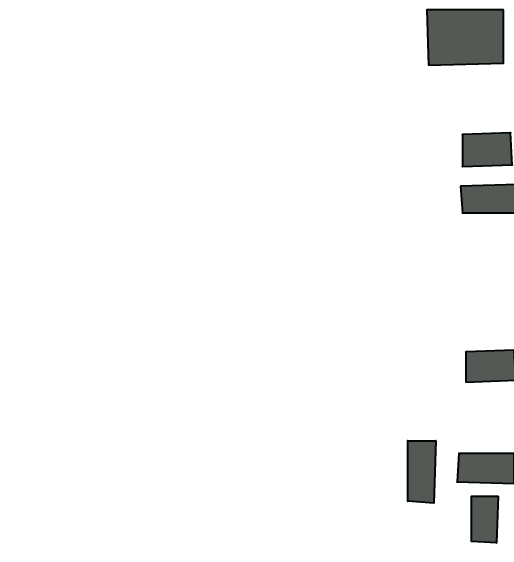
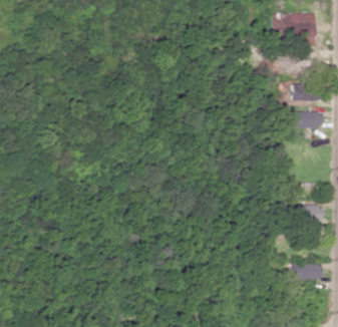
building: [408,441,436,503] -> none
building: [471,496,498,543] -> none

